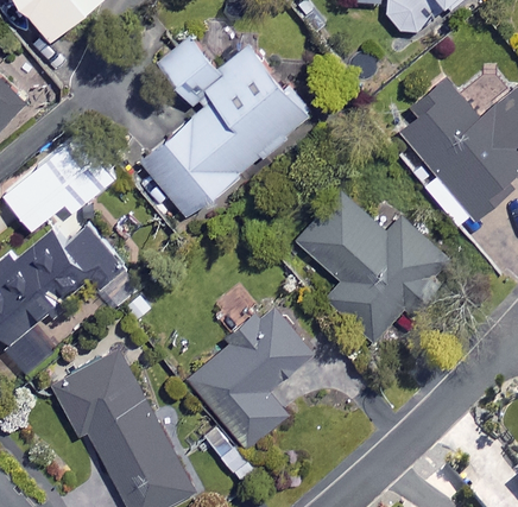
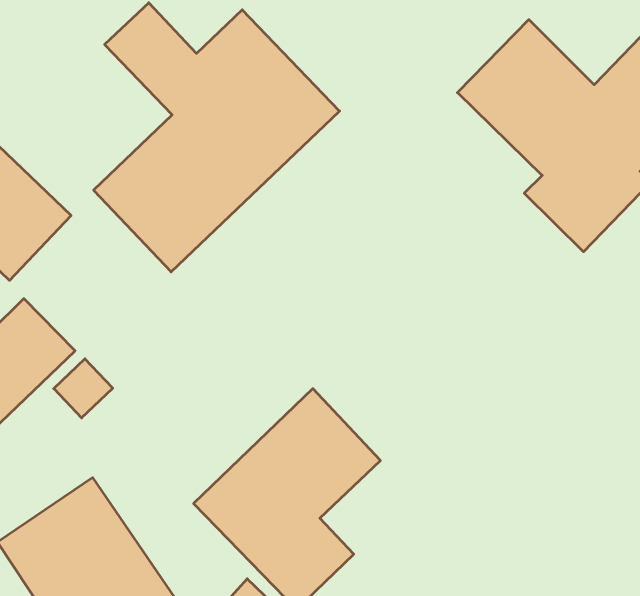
building: [297,192,448,341] -> none

